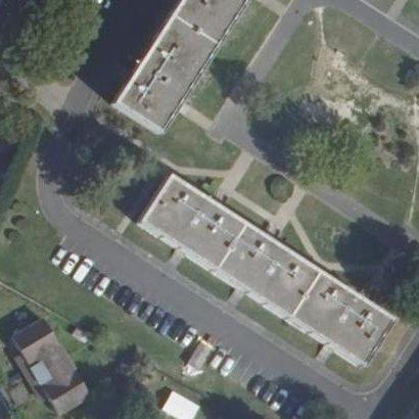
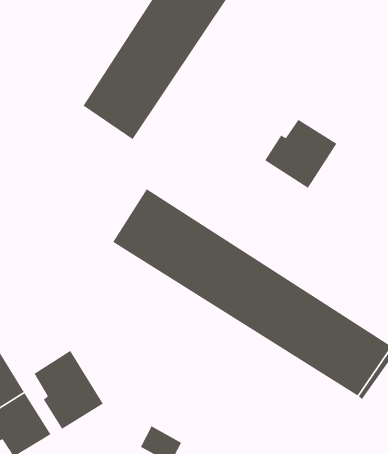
building: none -> [264,119,338,189]
building: none -> [33,350,104,430]

